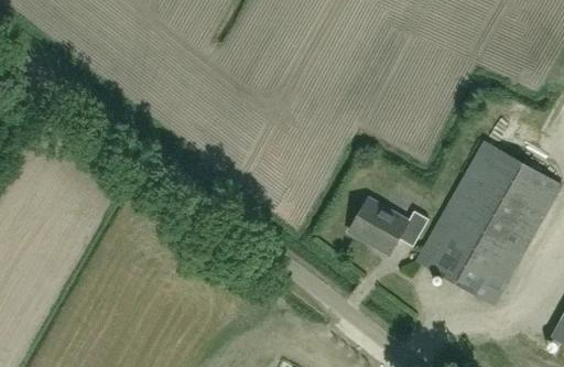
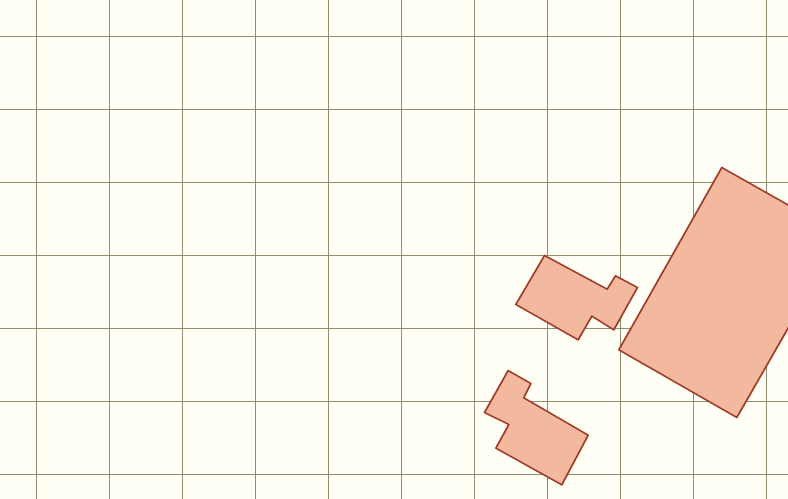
building: none -> [485,370,588,485]

